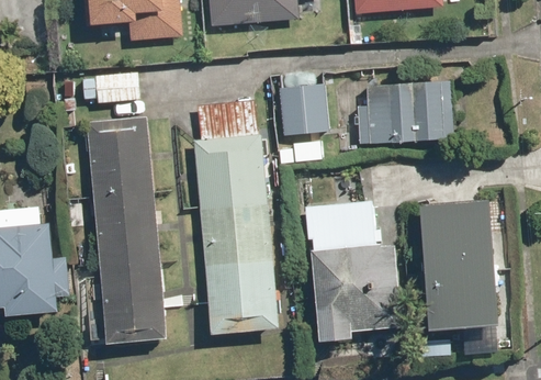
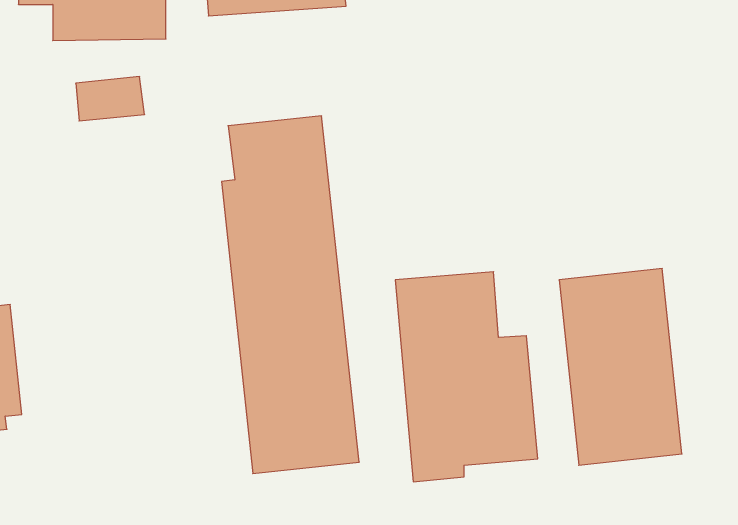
building: [364,77,452,142] -> none
building: [279,81,330,133] -> none
building: [86,114,169,336] -> none

